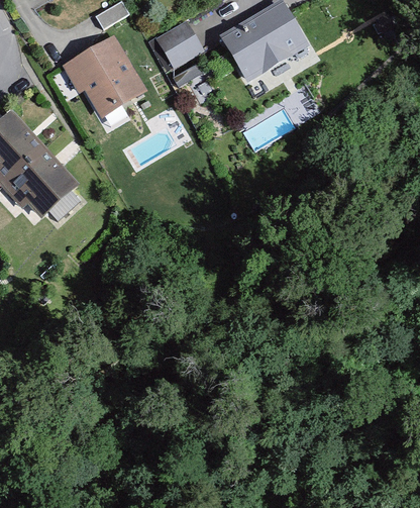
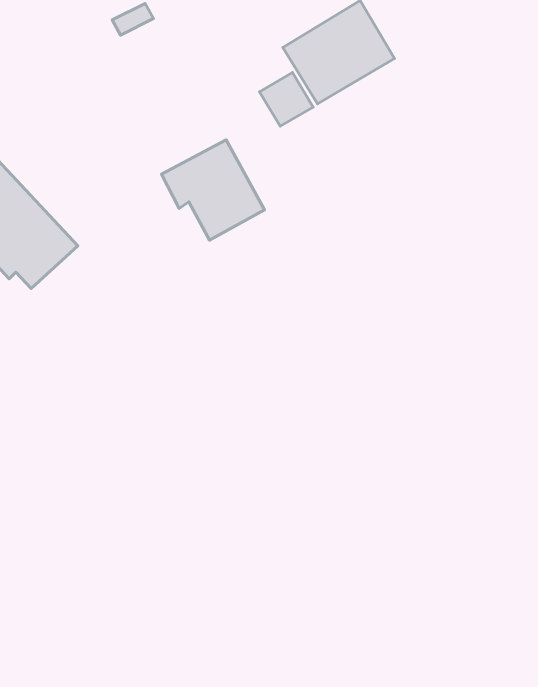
building: [160,26,199,66] -> [259,73,313,126]
building: [65,38,140,112] -> [161,140,265,240]

